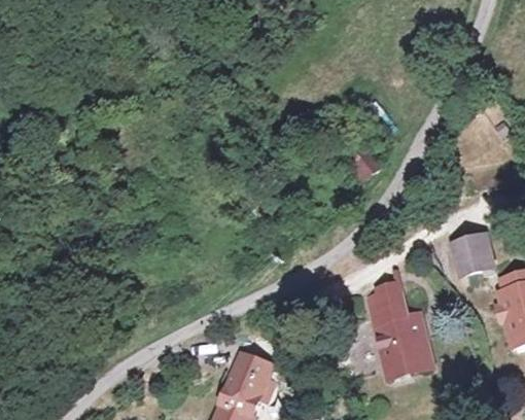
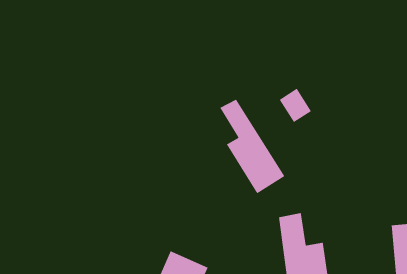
building: none -> [219,99,285,194]
building: [449,225,492,273] -> none

